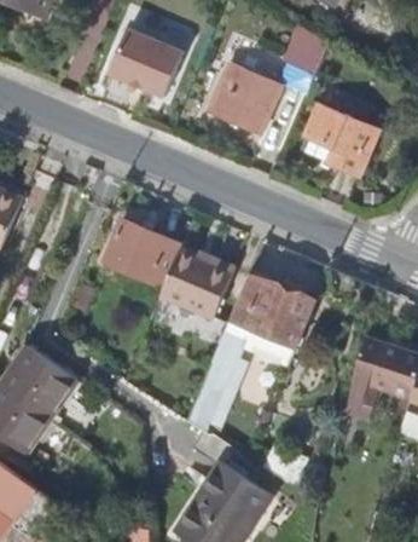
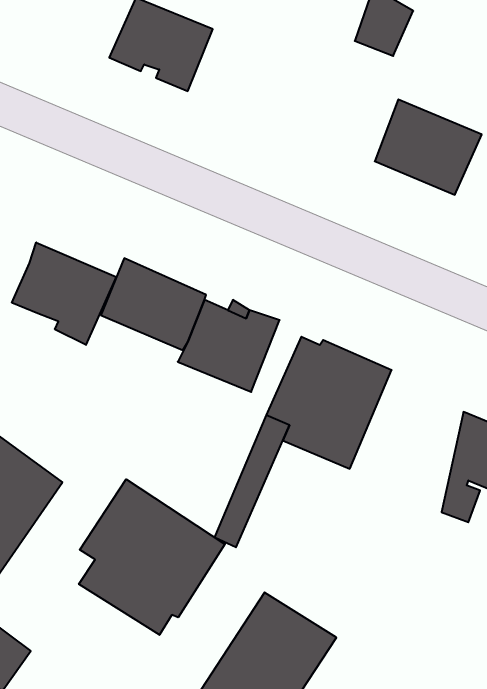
building: [213,65,280,132] -> none
building: none -> [12,242,116,345]
building: none -> [79,479,225,635]

